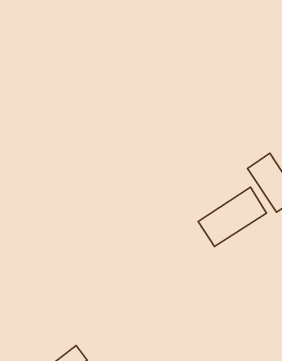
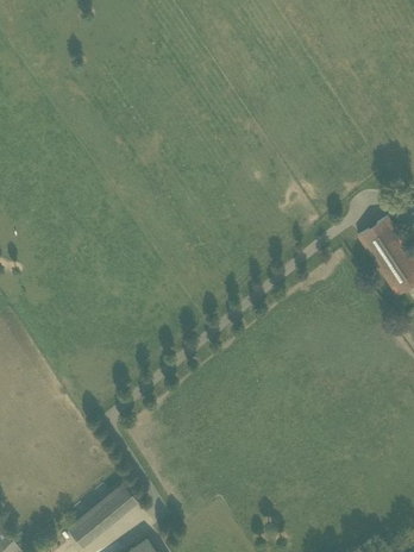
building: [198,187,267,247] -> none

